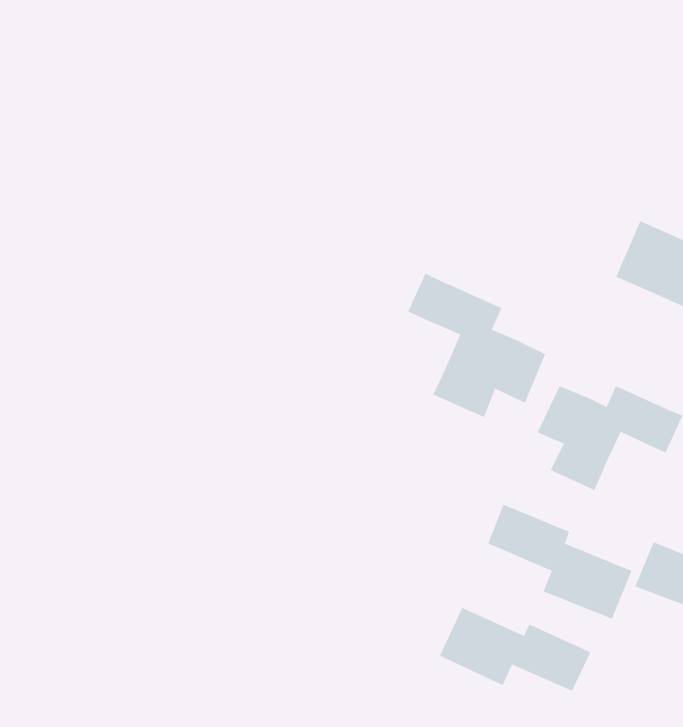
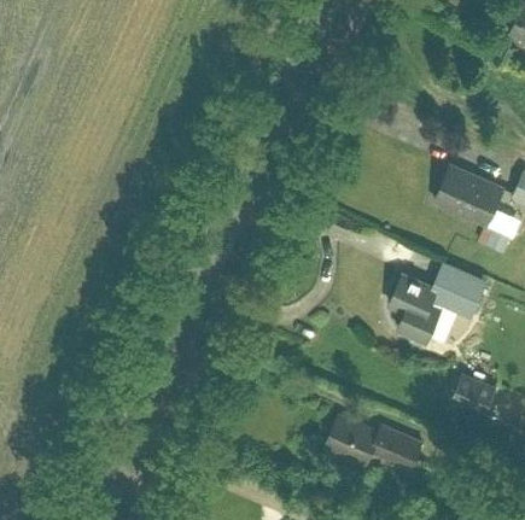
building: [408,273,546,418] -> none
building: [487,504,632,619] -> none

